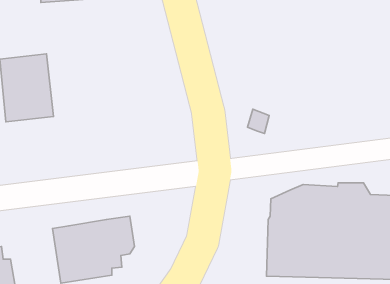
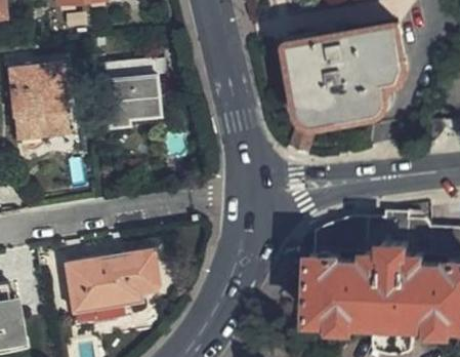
building: none -> [291,27,403,122]
building: none -> [104,64,159,135]

